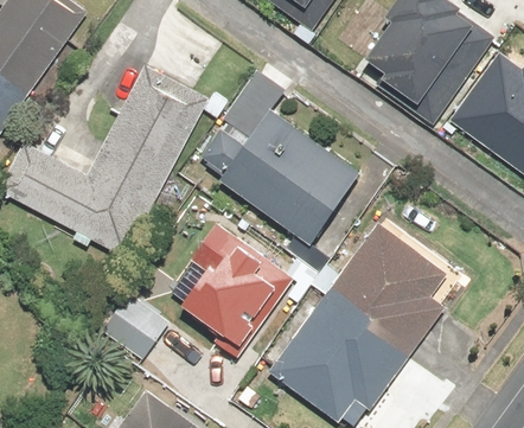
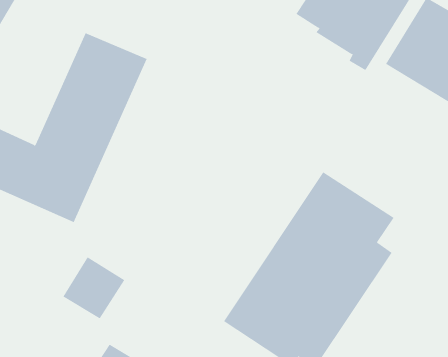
building: [202,90,364,245] -> none
building: [181,224,293,345] -> none

